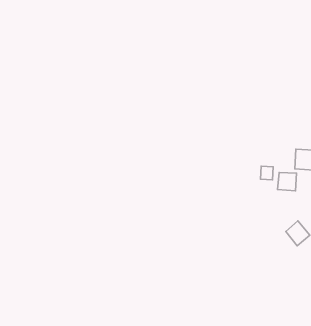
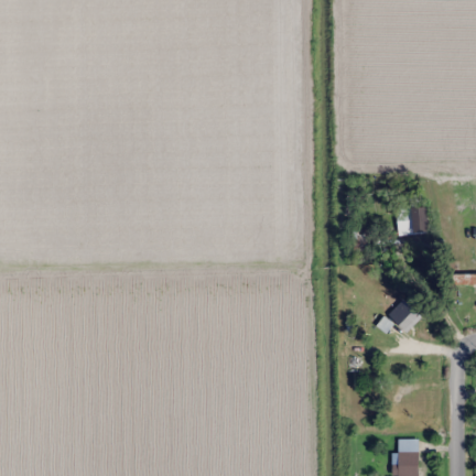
building: [278,173,297,191] -> none

